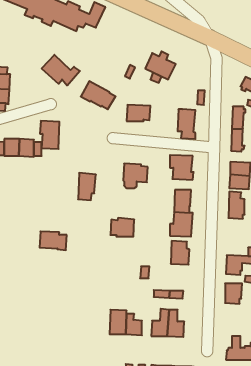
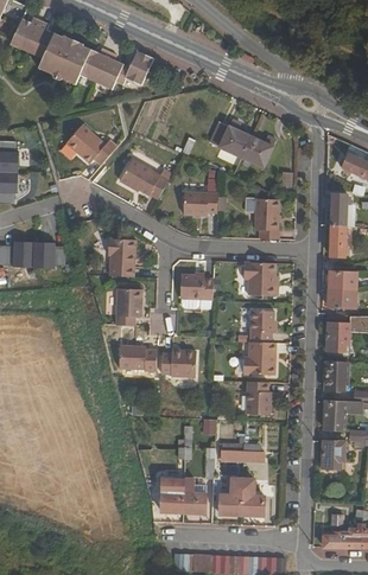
building: none -> [241,134,277,166]
building: [40,121,59,149] -> [106,237,133,276]
building: none -> [323,362,347,390]
building: [40,231,67,250] -> [116,345,154,371]

